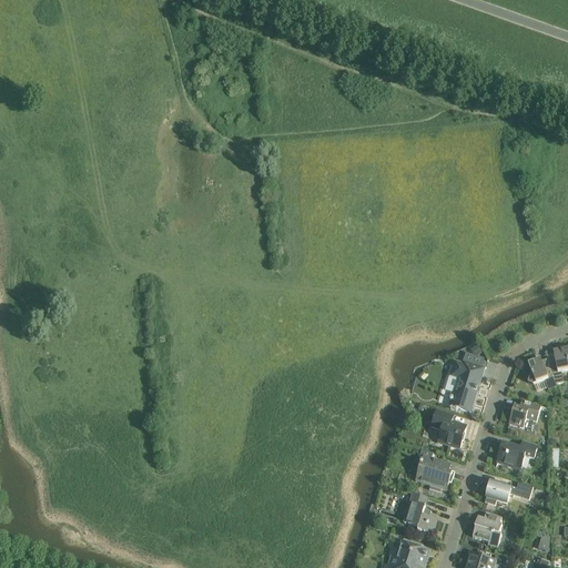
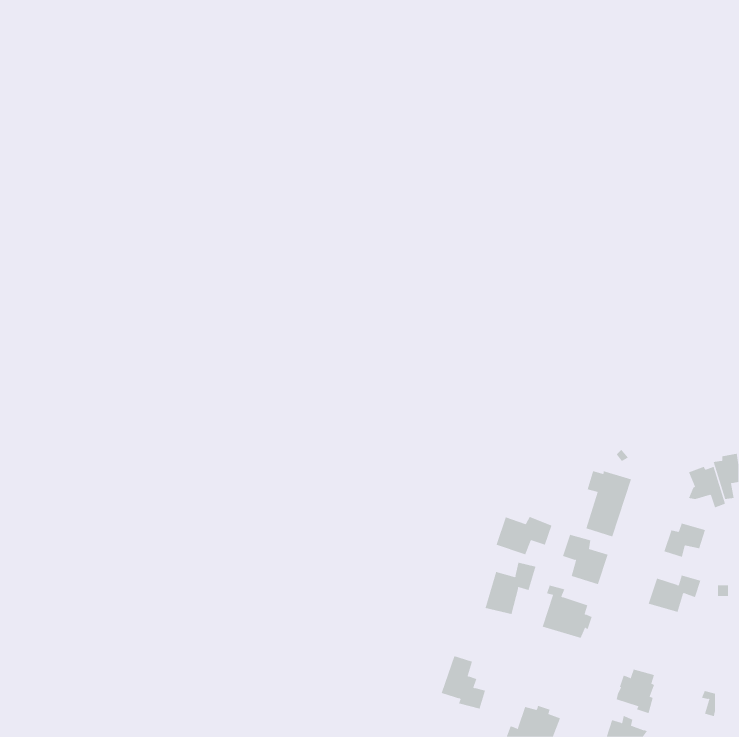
building: none -> [496,516,552,555]
building: none -> [485,562,536,615]
building: [484,480,532,505] -> none
building: [403,493,437,534] -> [441,656,486,709]

